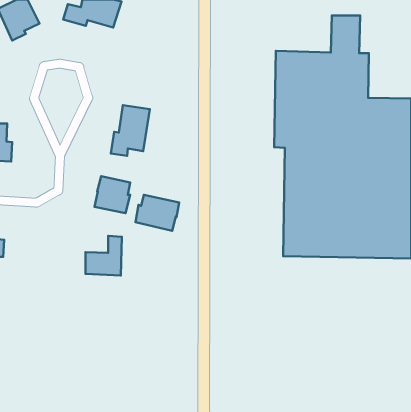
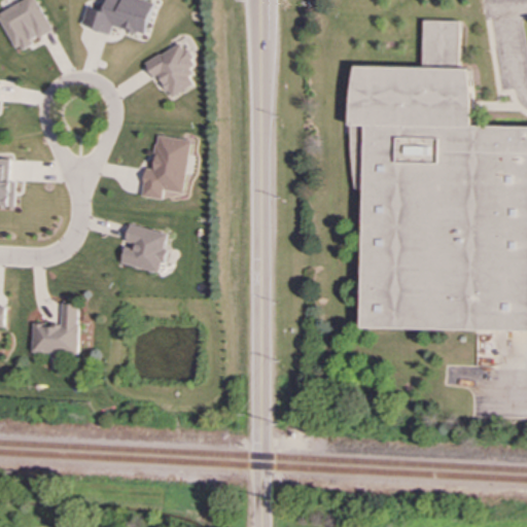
building: none -> [144,41,196,97]
building: [135,195,179,231] -> none
building: [85,236,122,276] -> [32,303,78,353]

